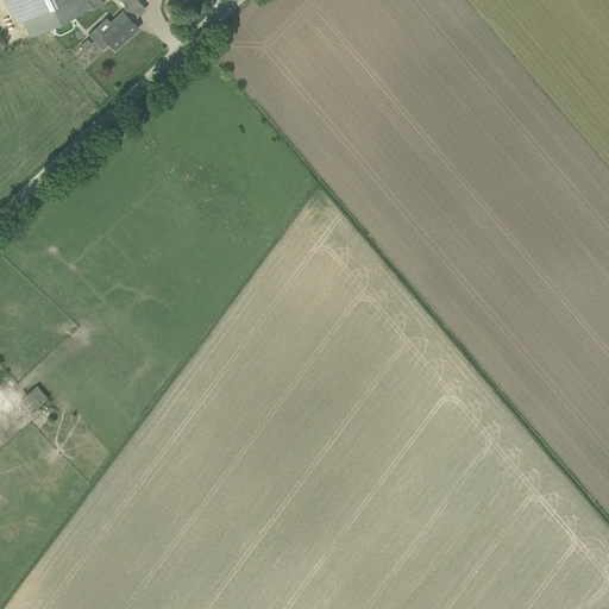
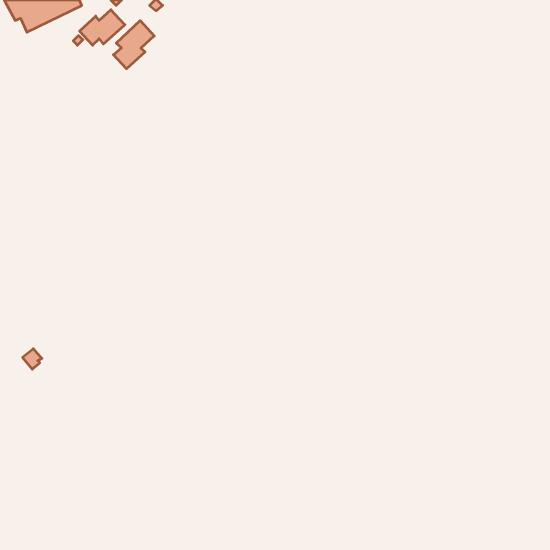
building: none -> [113,21,154,69]

